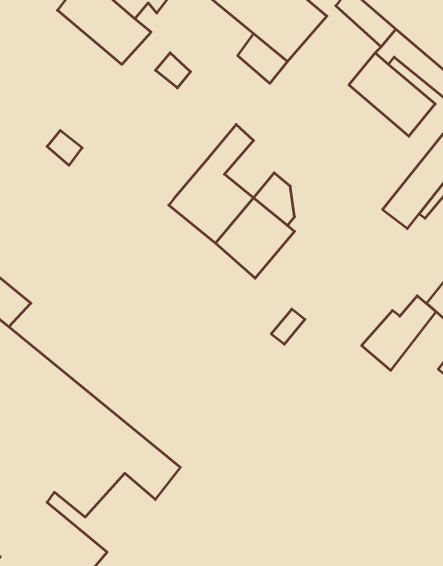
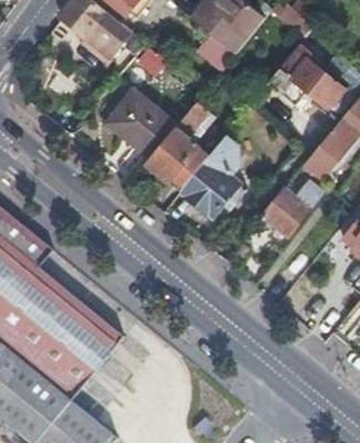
building: none -> [107,92,175,157]
building: [362,296,436,370] -> [259,178,316,235]

